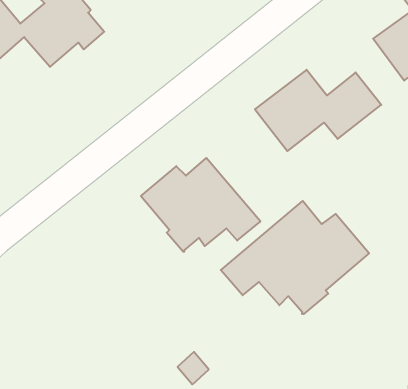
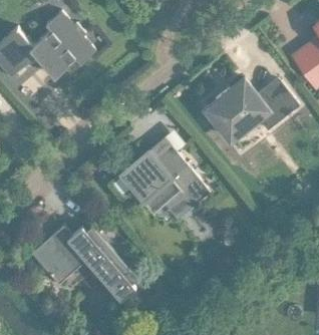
building: [221,201,369,314] -> none
building: none -> [31,226,135,301]

